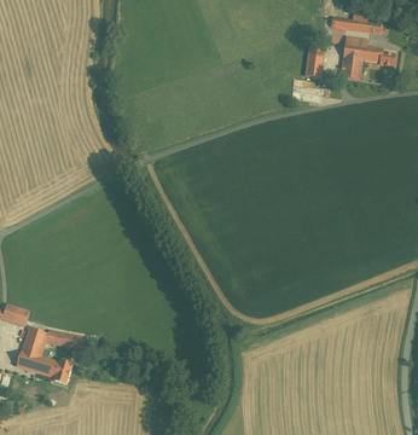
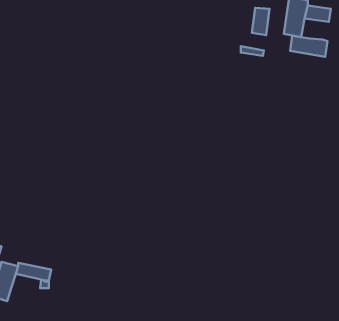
building: none -> [290,36,327,57]
building: [36,356,72,384] -> none

